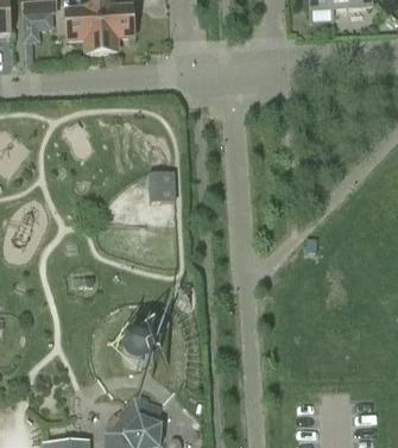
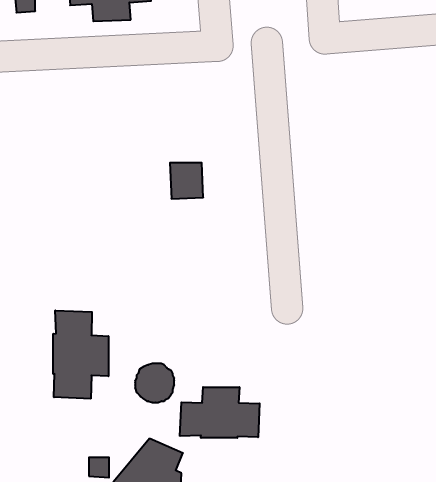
building: none -> [53,310,108,399]
building: none -> [180,387,260,438]

